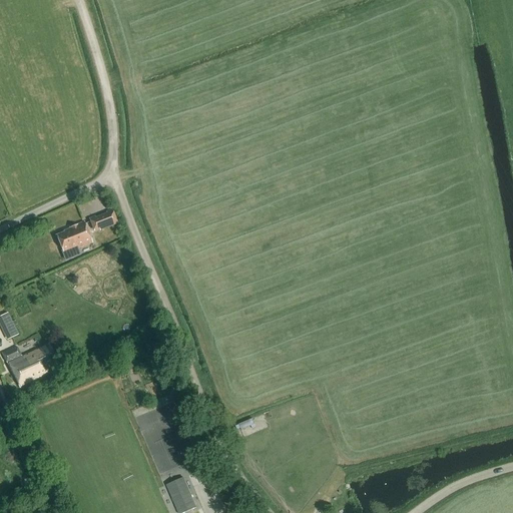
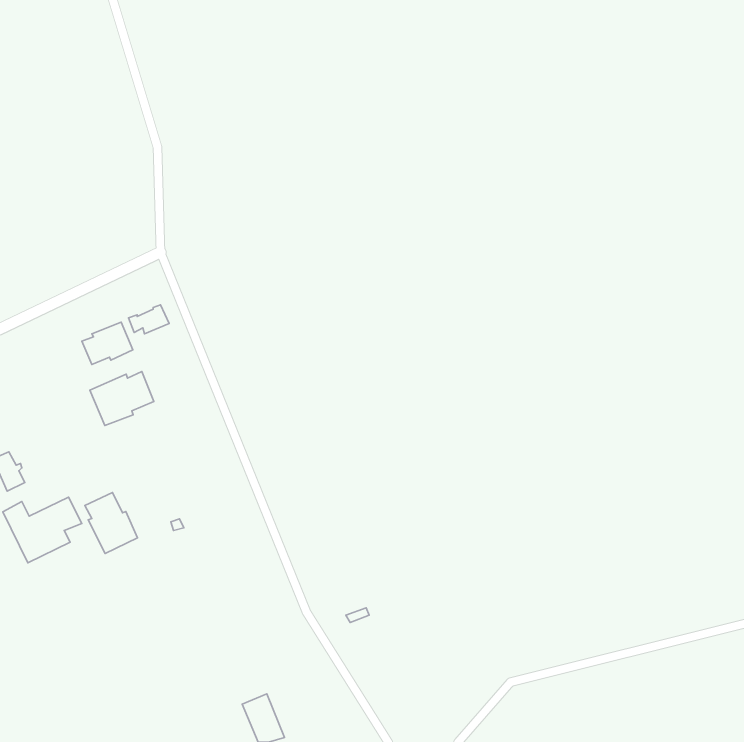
building: none -> [90,371,154,426]
building: none -> [85,492,138,553]

